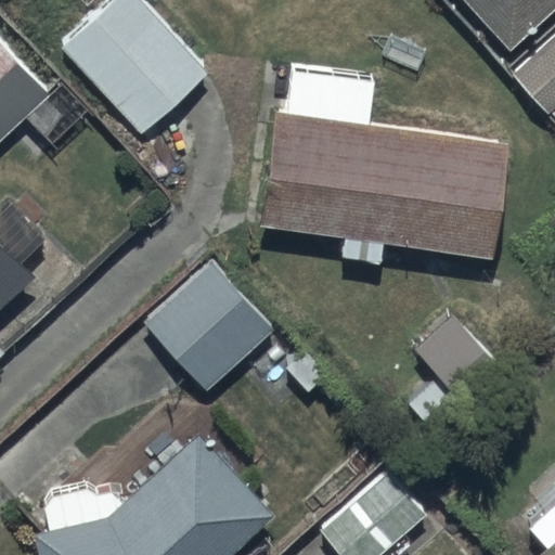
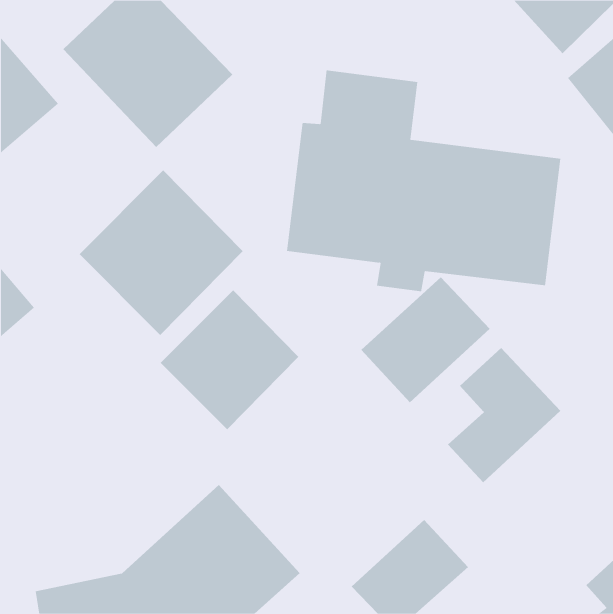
building: none -> [79,170,243,336]
building: none -> [360,276,490,403]

